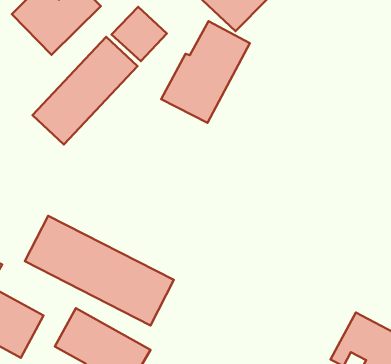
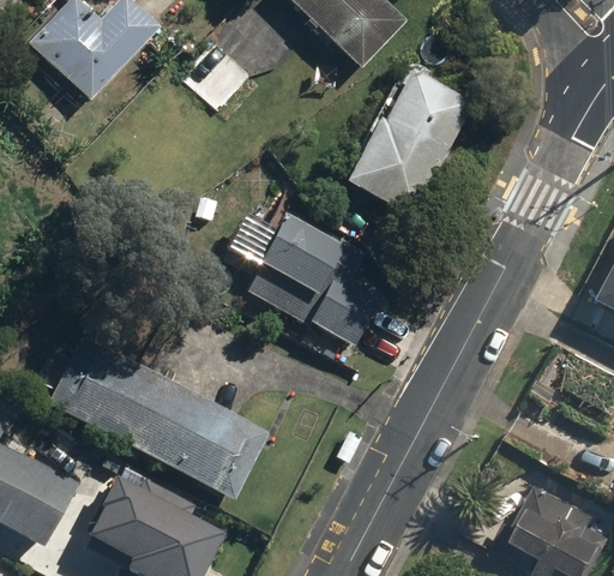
building: [161,21,250,123] -> [343,66,474,216]
building: [32,37,138,144] -> none
building: none -> [245,215,383,348]

